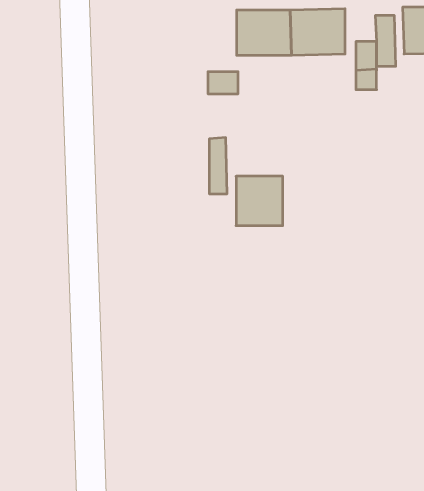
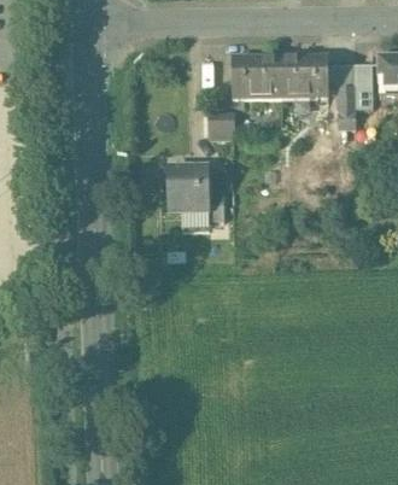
building: [236,176,283,226] -> [166,166,207,210]

